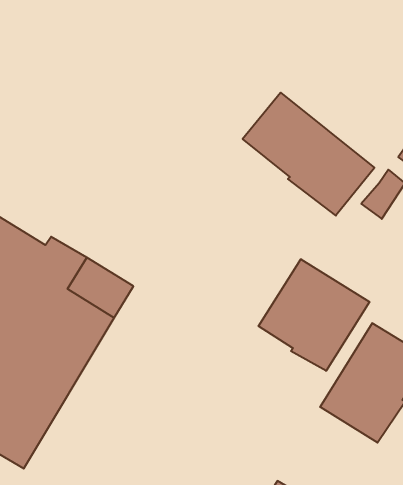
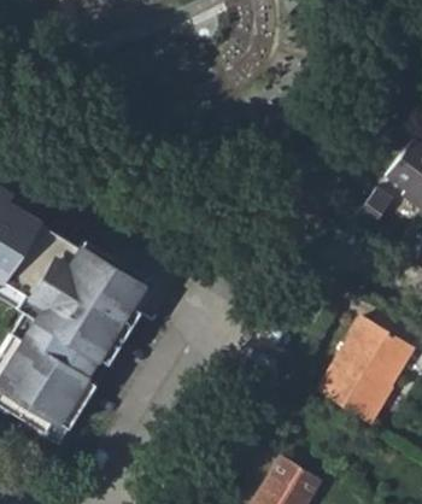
building: [243,93,374,216] -> none
building: [259,259,369,371] -> none

